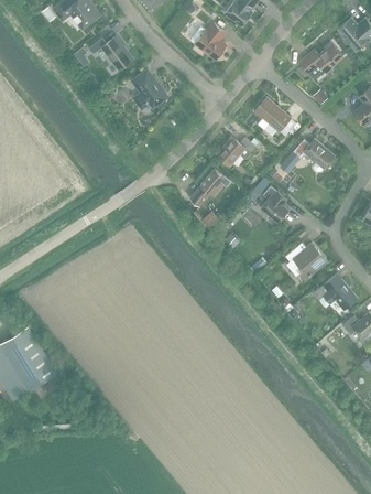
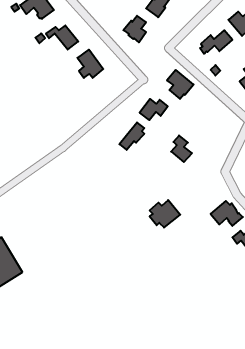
building: [283,138,334,171] -> none
building: [286,241,328,279] -> [150,200,180,228]

